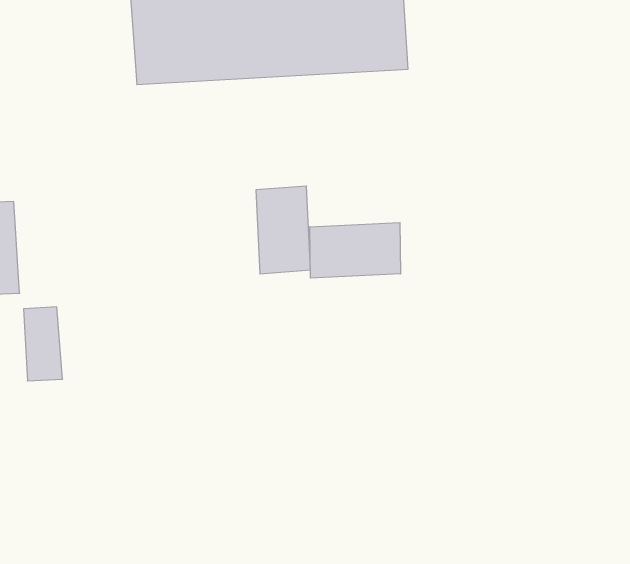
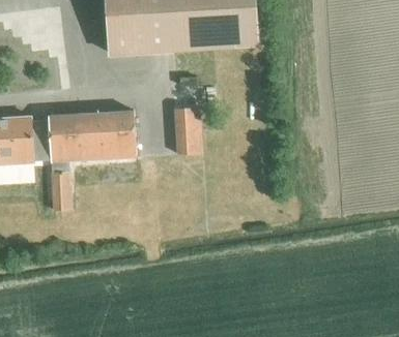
building: none -> [46,110,134,163]
building: [310,223,401,278] -> none

